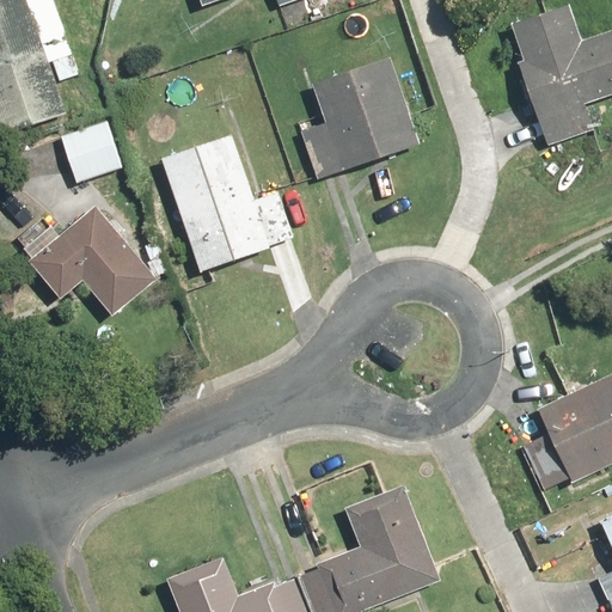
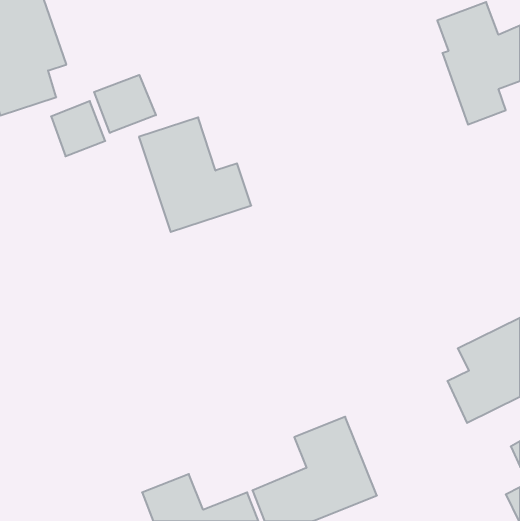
building: [300,60,420,178] -> none
building: none -> [94,75,156,133]
building: [12,207,155,316] -> none

